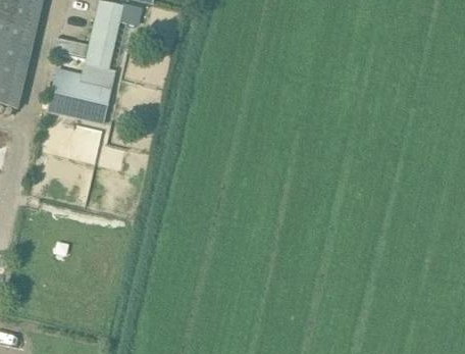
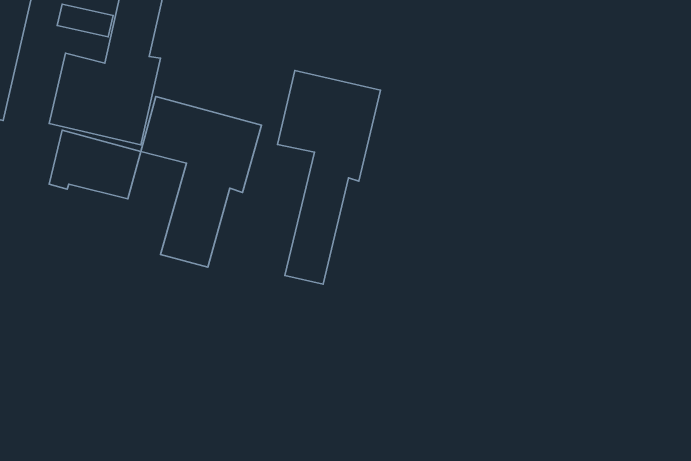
building: none -> [278,70,380,284]
building: none -> [141,97,261,267]

